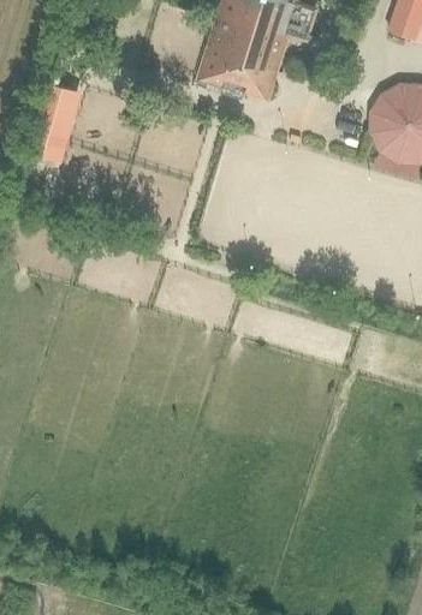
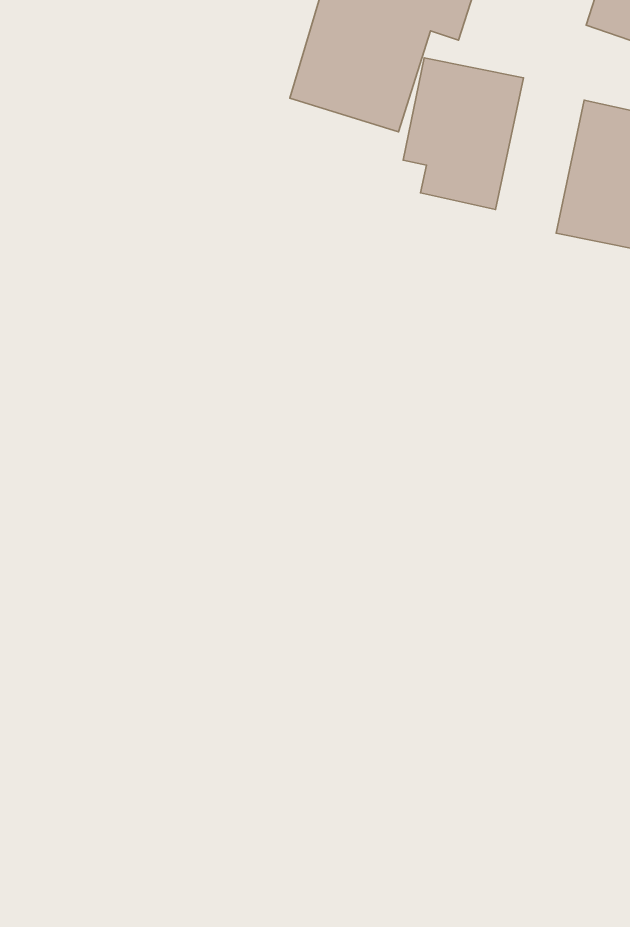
building: none -> [403,58,523,210]
building: [25,77,83,159] -> none

